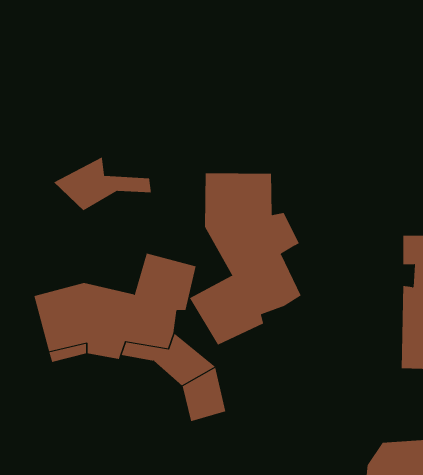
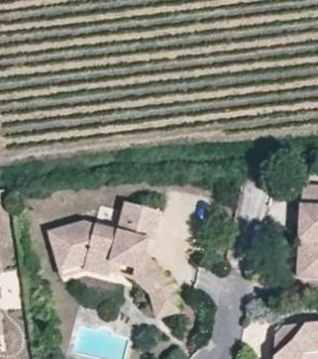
building: [53,156,151,211] -> none
building: [189,173,302,346] -> none

